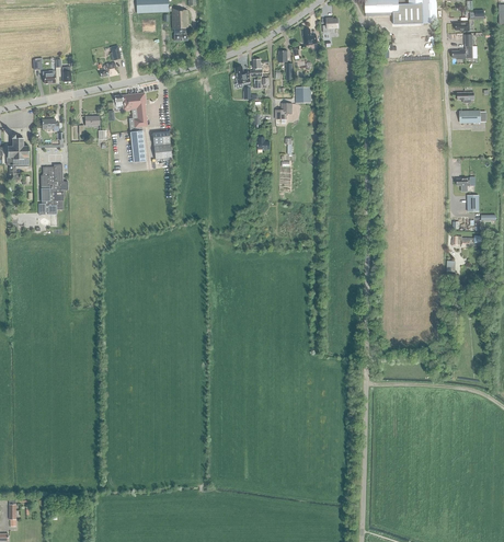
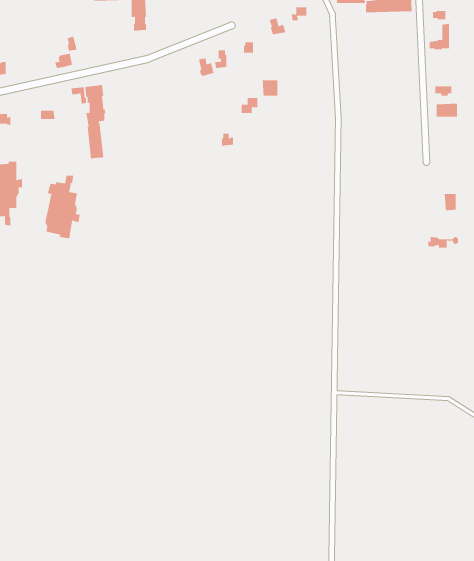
building: [152,129,171,158] -> none
building: none -> [45,175,80,239]

